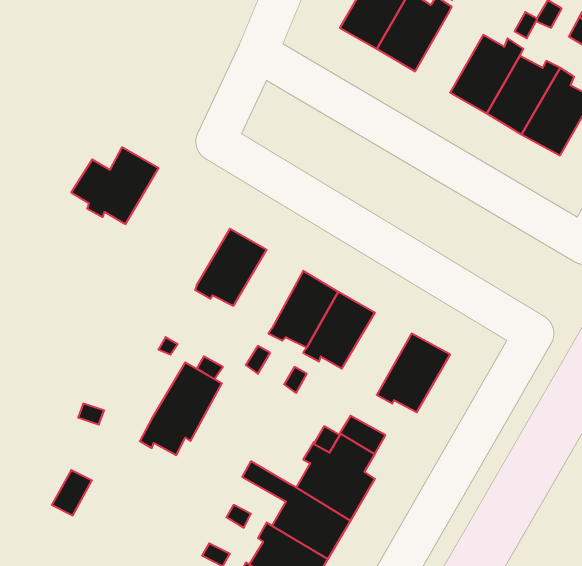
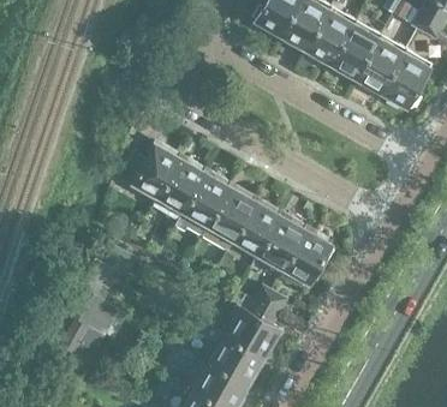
building: none -> [309,11,358,65]
building: [71,147,159,224] -> [121,144,181,197]
building: none -> [257,216,306,273]
building: [140,362,222,455] -> [175,173,232,237]

